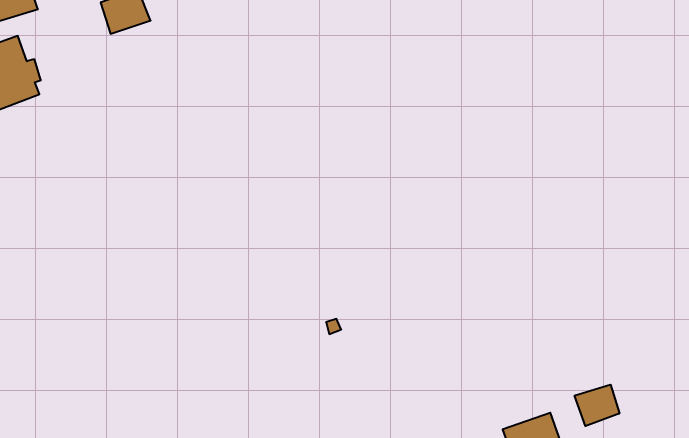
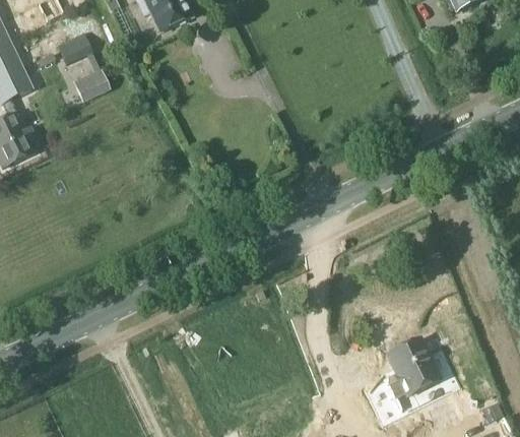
building: [575,385,619,426] -> none

